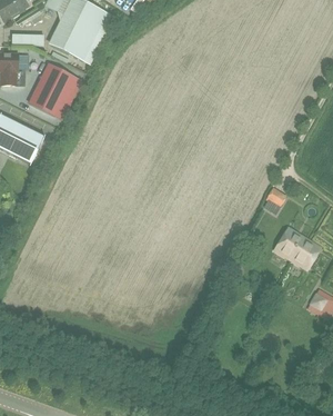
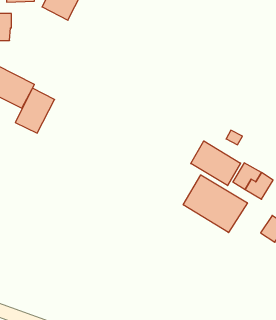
building: [30,63,75,116] -> [15,88,55,133]
building: none -> [191,141,241,186]
building: none -> [183,175,247,233]

